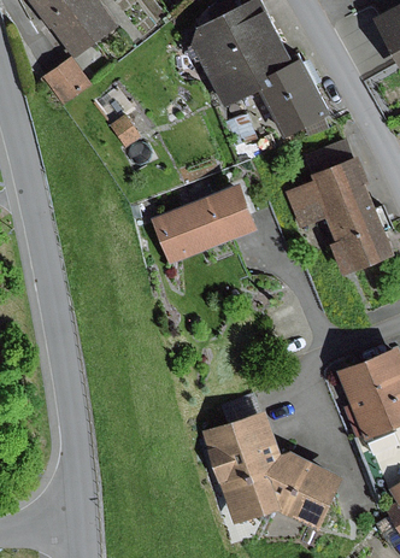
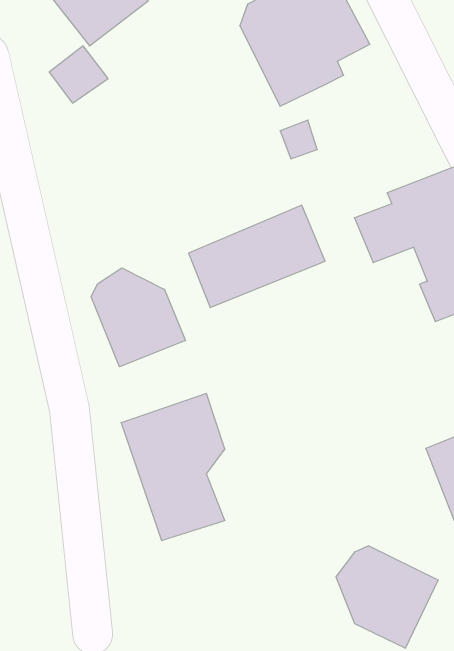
building: [258,53,334,139] -> none
building: none -> [91,268,185,367]
building: [200,410,281,524] -> [121,393,225,540]

